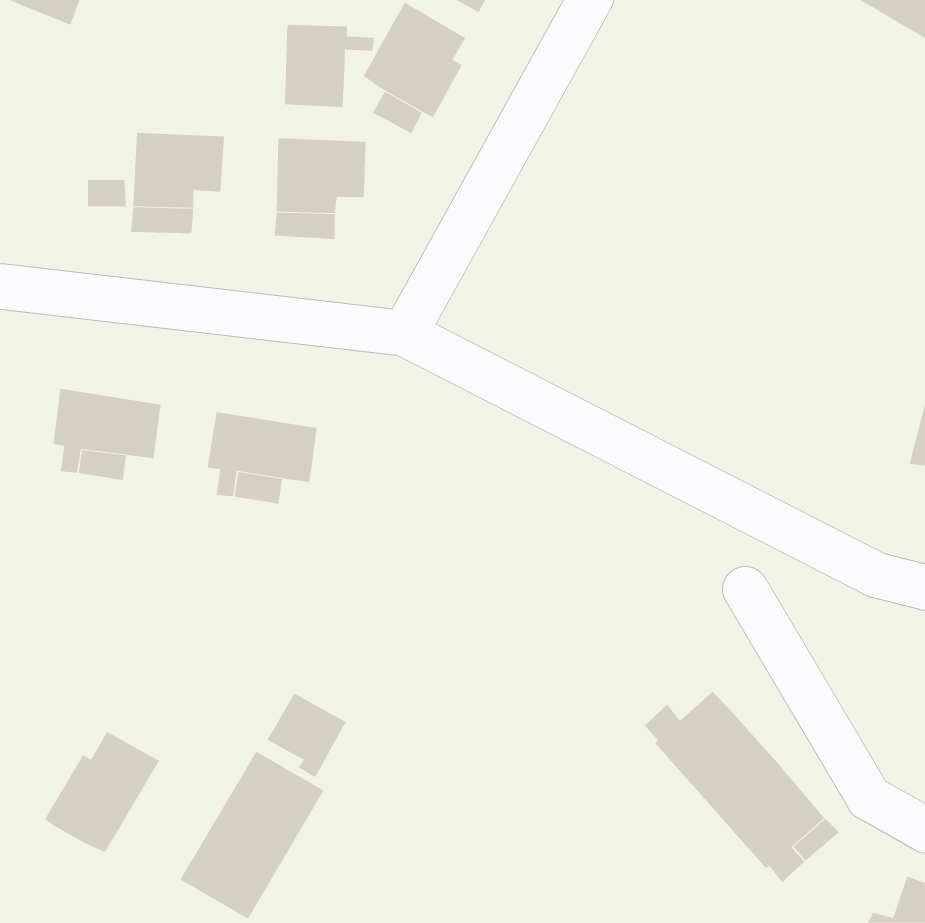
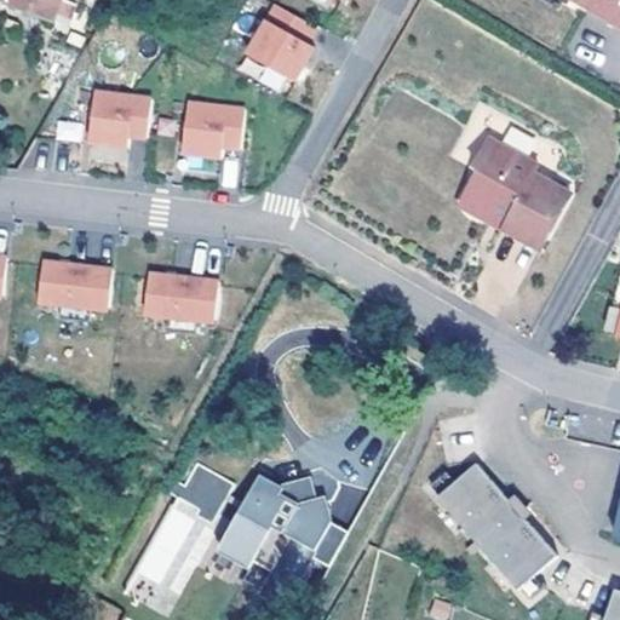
building: [284,24,374,108] -> none
building: none -> [459,136,567,246]
building: none -> [218,472,348,597]
building: [44,731,160,853] -> none

